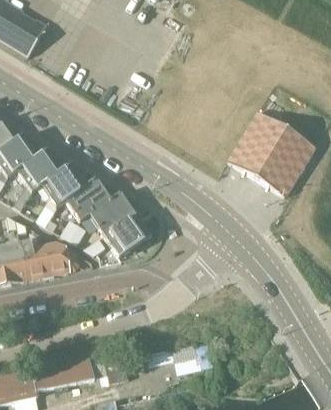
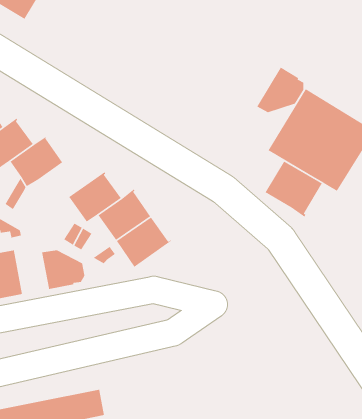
building: none -> [256,67,304,113]
building: [37,163,85,224] -> none
building: none -> [264,161,323,218]
building: [21,240,49,279] -> none

